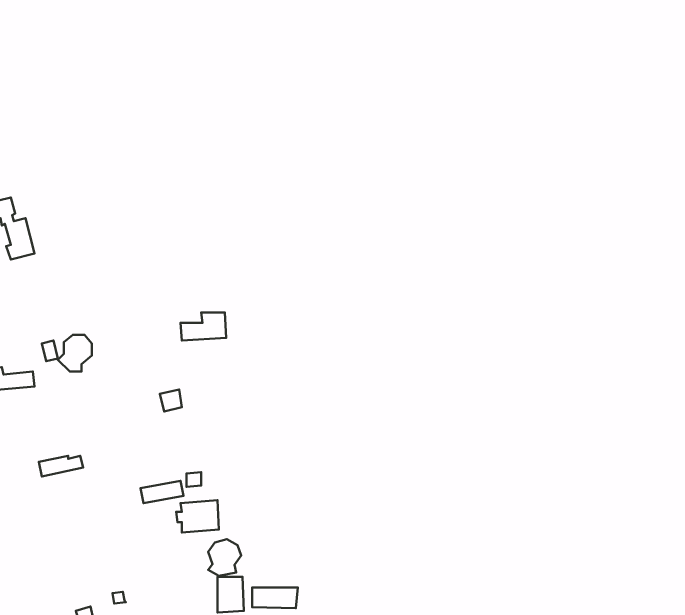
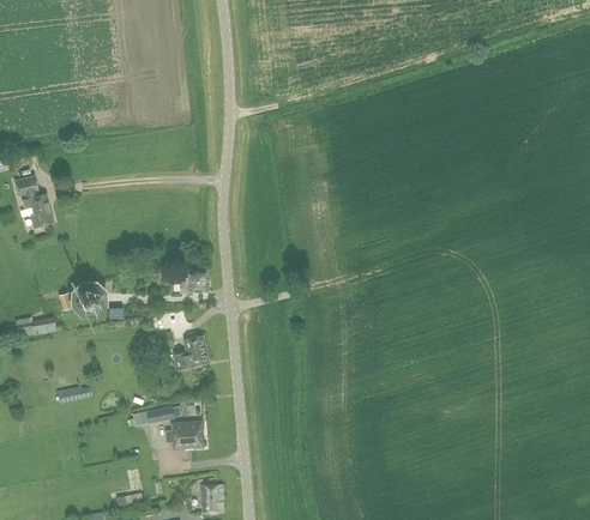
building: none -> [171,333,209,369]
building: [208,539,241,576] -> none
building: [252,587,298,608] -> none

